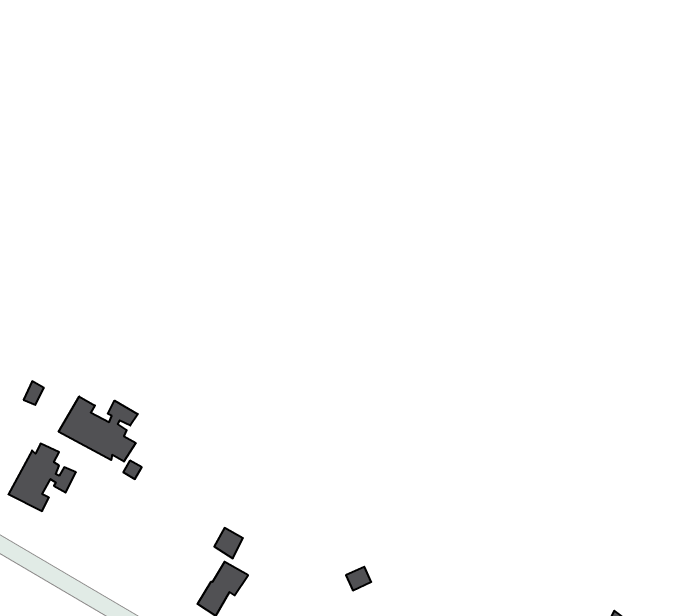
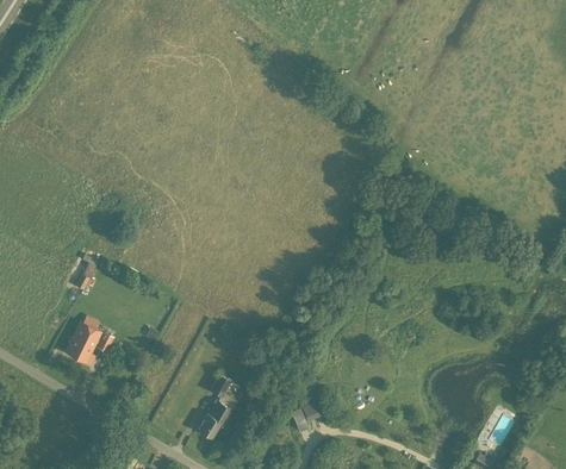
building: [59,396,138,462] -> none

